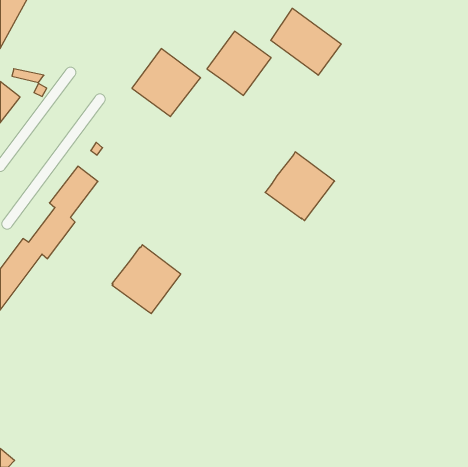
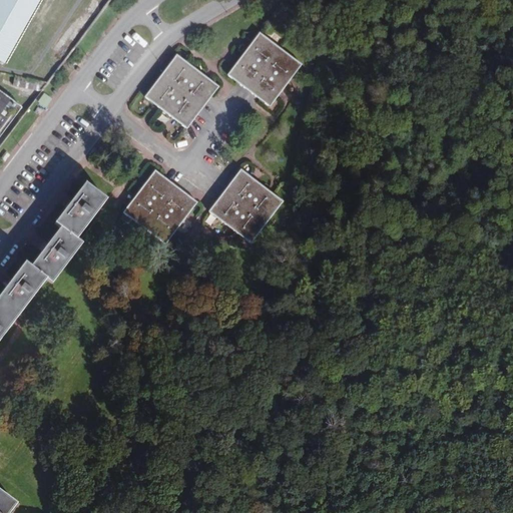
building: [271,8,341,75] -> none
building: [265,152,335,221] -> [207,167,284,242]
building: [112,245,181,314] -> [122,168,197,243]

